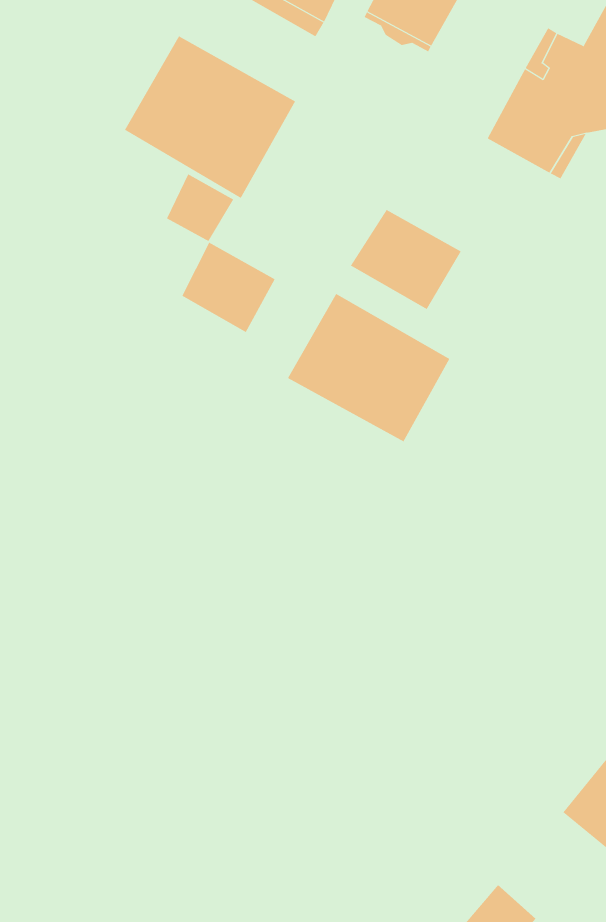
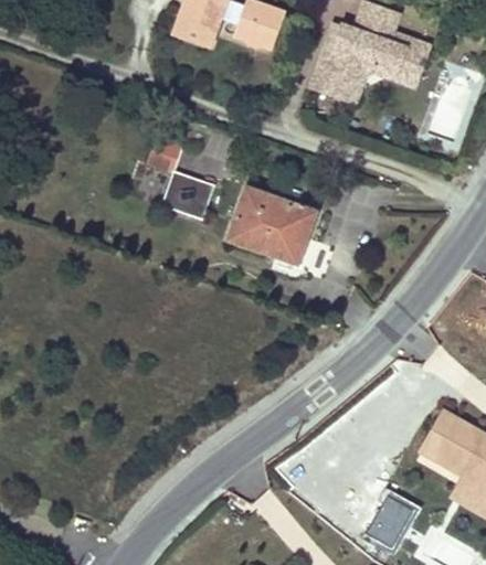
building: [124,36,296,199] -> none
building: [350,209,461,310] -> none

